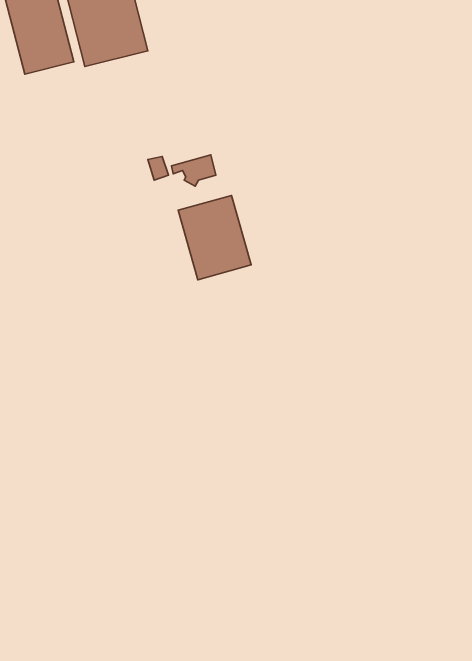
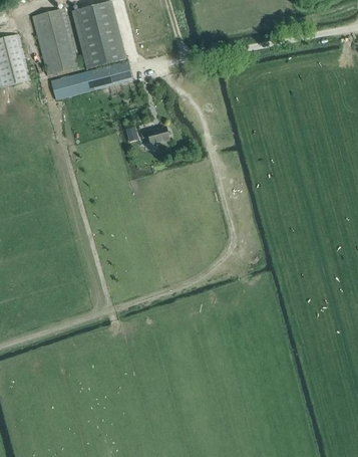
building: none -> [50,59,132,98]
building: [178,195,251,280] -> none

